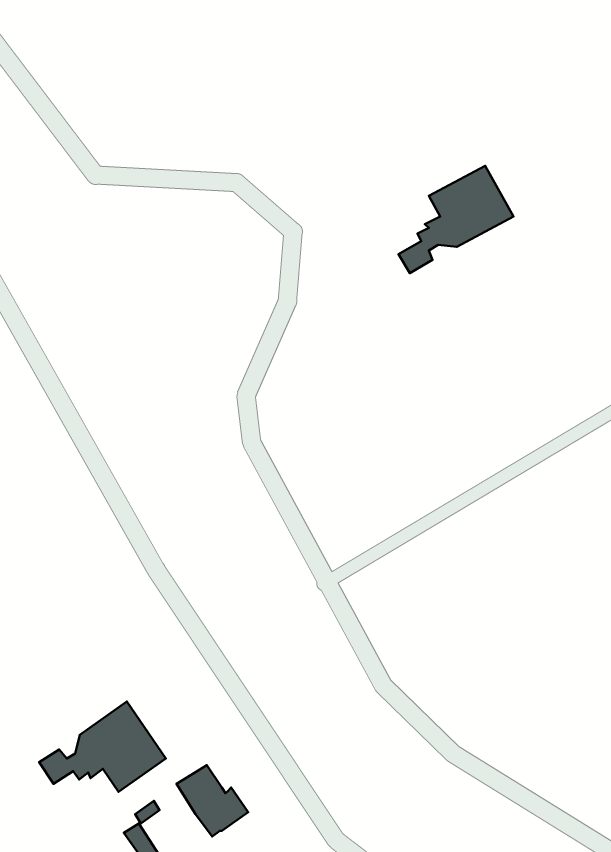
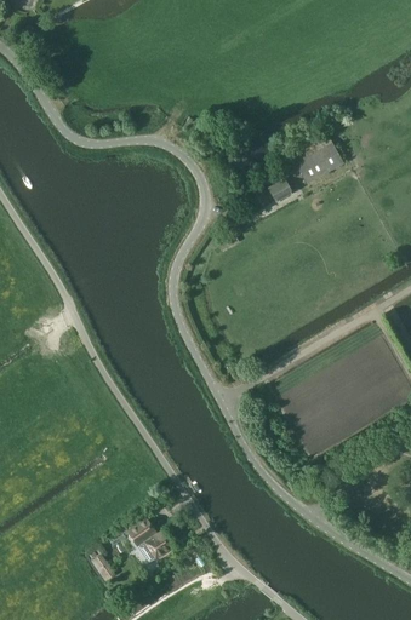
building: [39,701,166,792] -> none

